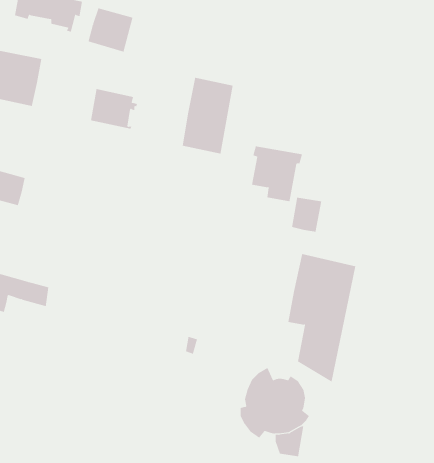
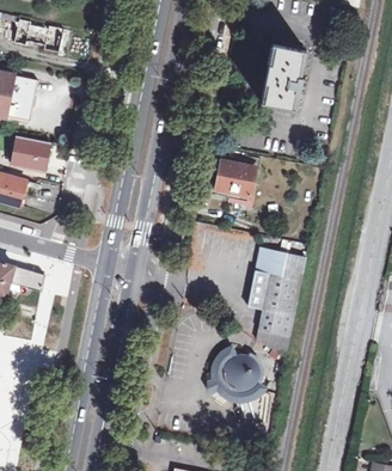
building: [88,8,133,52] -> none
building: [182,77,234,154] -> [263,43,307,109]
building: [90,88,138,129] -> [13,137,54,172]
building: [291,197,322,232] -> none

